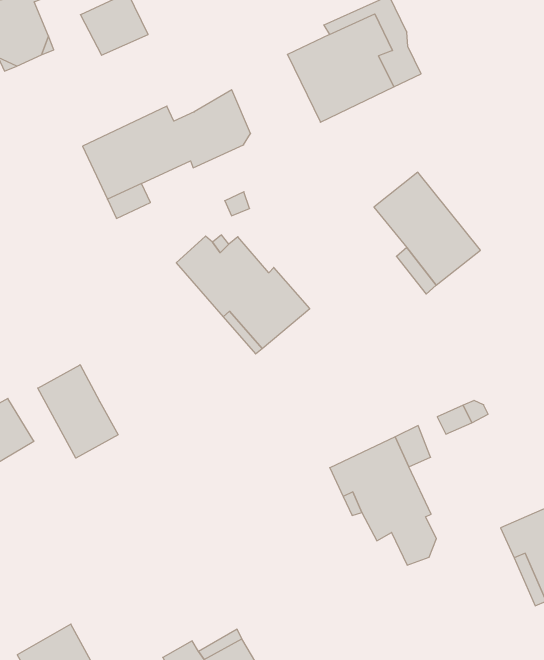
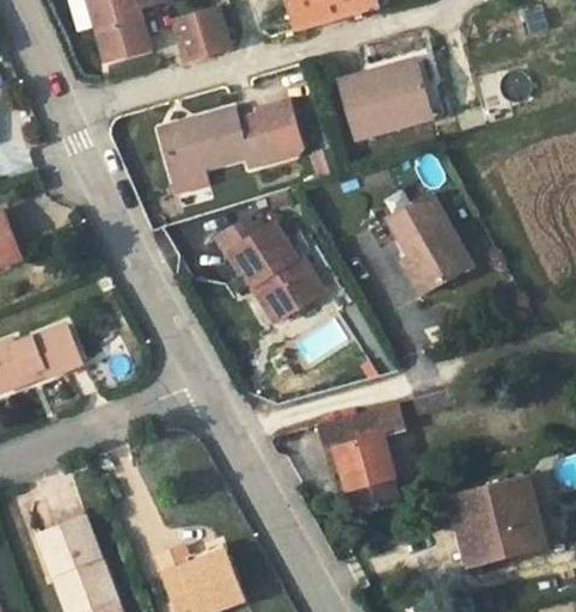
building: [38,365,118,458] -> none

